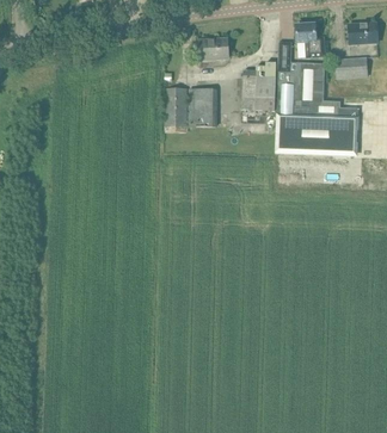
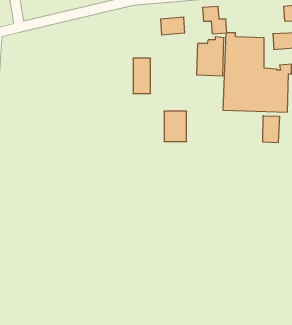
building: [295,24,325,57] -> [202,6,227,34]
building: [189,89,216,126] -> [164,111,187,142]
building: none -> [263,116,280,143]

